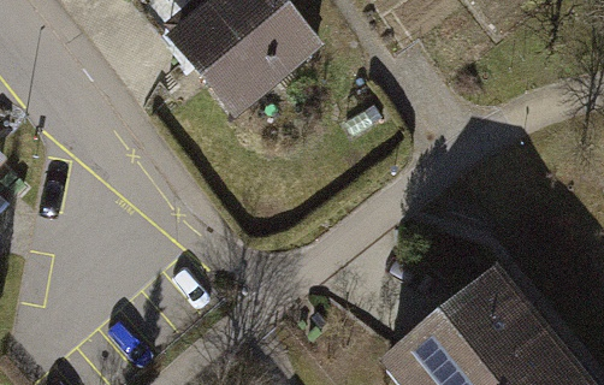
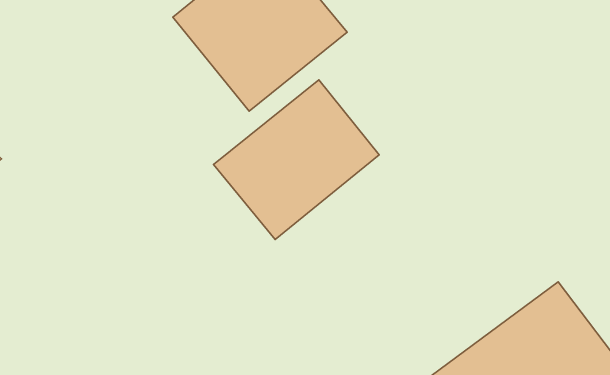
building: none -> [214,80,379,239]

